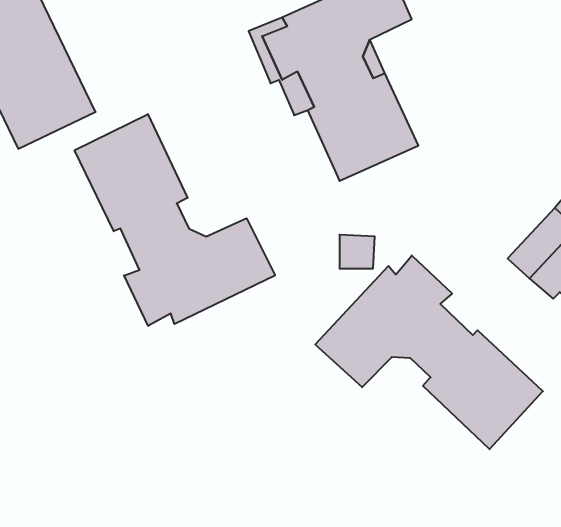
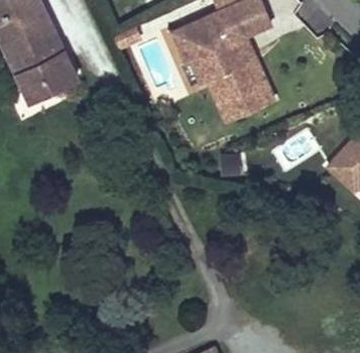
building: [75,114,275,326] -> none
building: [315,255,543,449] -> none

